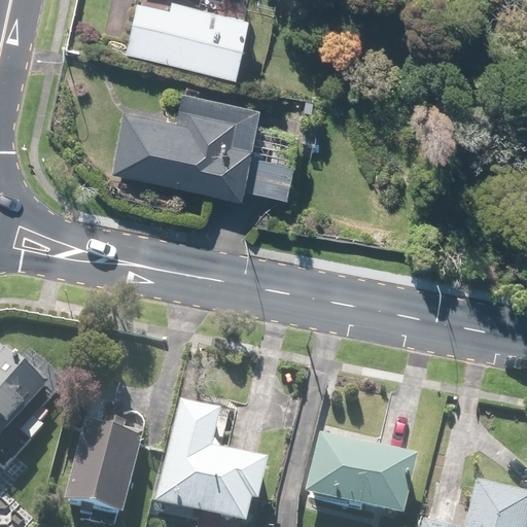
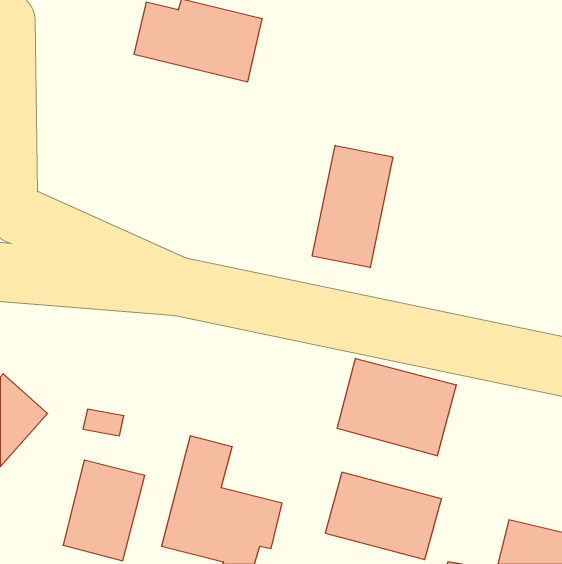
building: [112,97,300,199] -> none
building: none -> [312,145,393,268]
building: none -> [337,358,456,456]

